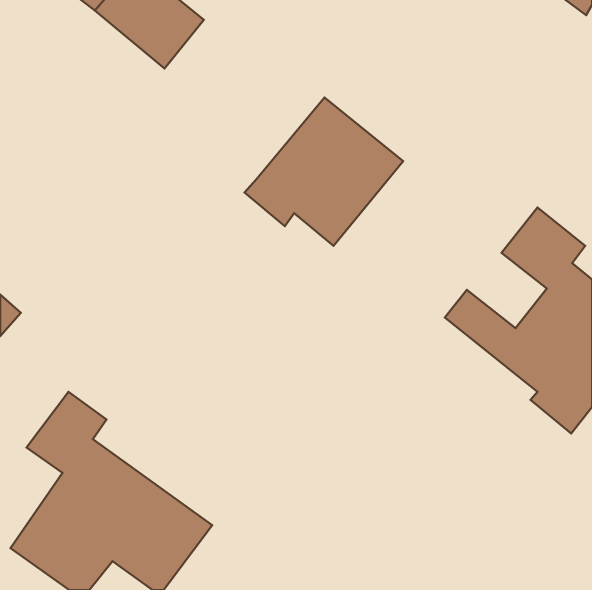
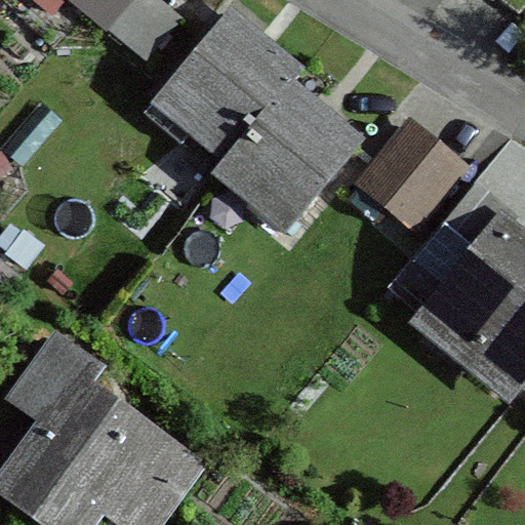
building: none -> [166,16,297,159]
building: none -> [366,128,457,220]

